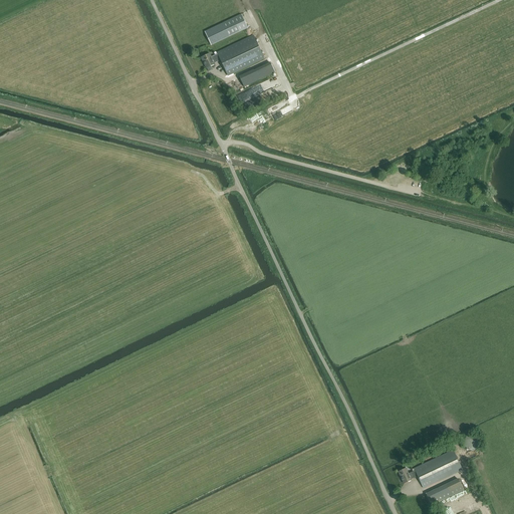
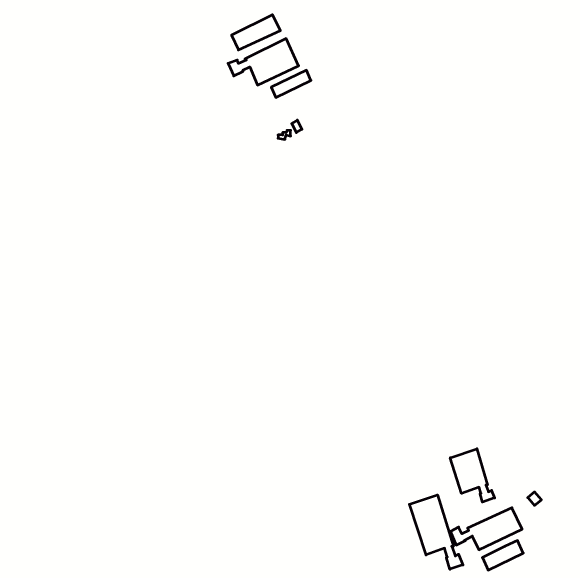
building: none -> [450,449,495,502]
building: none -> [409,495,463,569]

